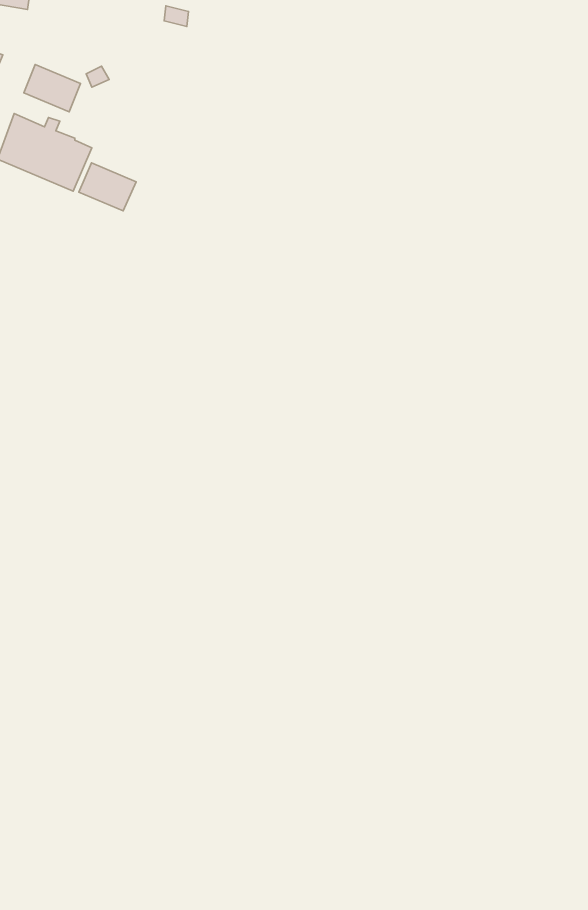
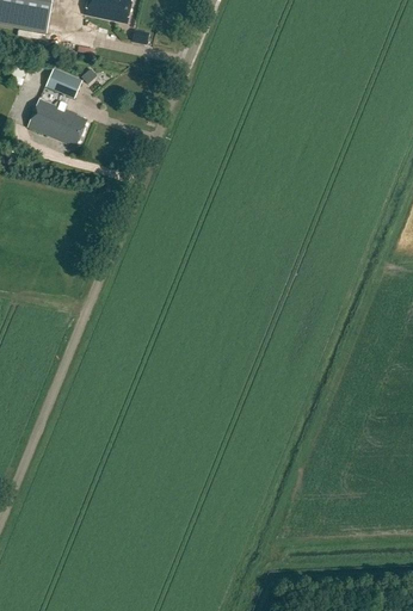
building: [79,163,136,211] -> none

